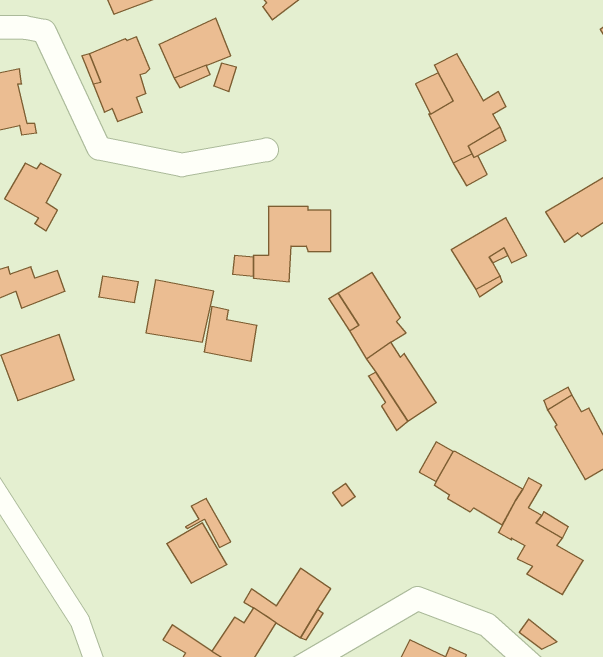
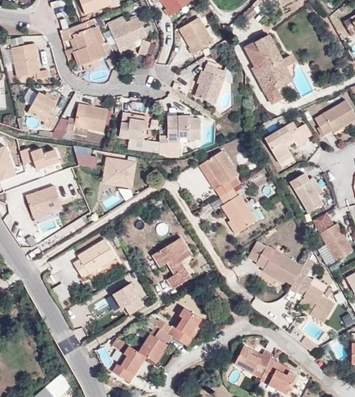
building: none -> [178,17,213,54]
building: none -> [194,64,224,104]
building: none -> [66,104,108,132]
building: [204,307,257,361] -> [118,112,146,141]
building: none -> [289,172,323,213]
building: none -> [151,237,191,289]
building: none -> [73,239,115,278]

